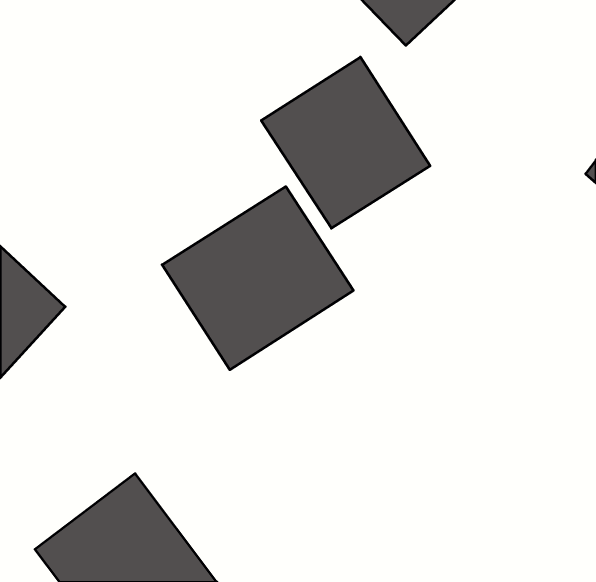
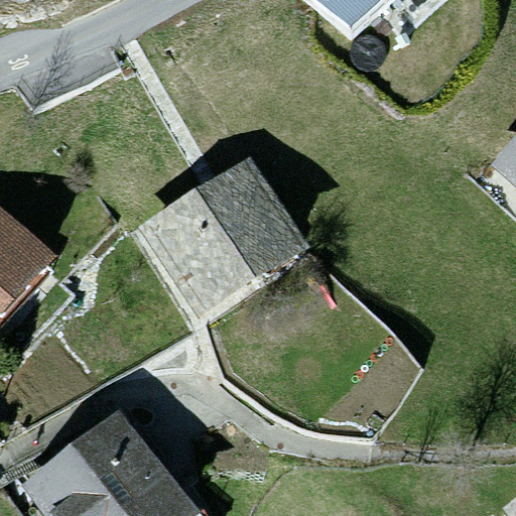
building: [261,57,430,228] -> none

